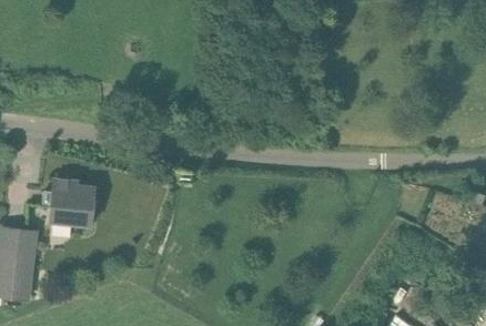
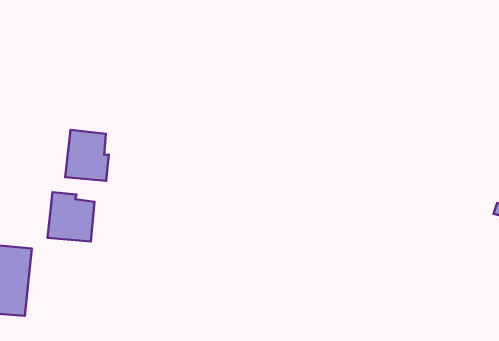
building: none -> [65,130,109,181]

